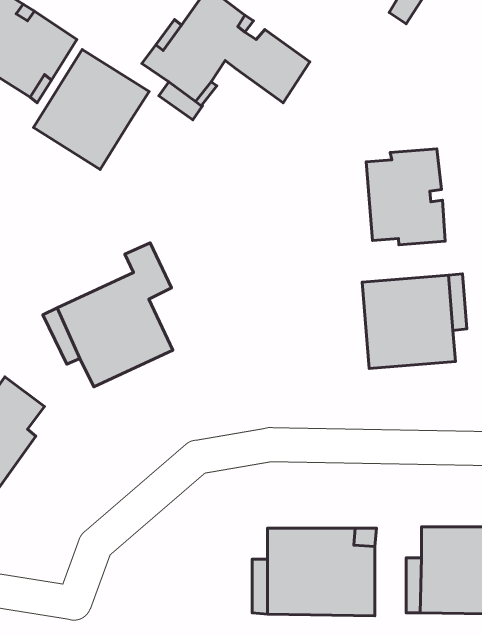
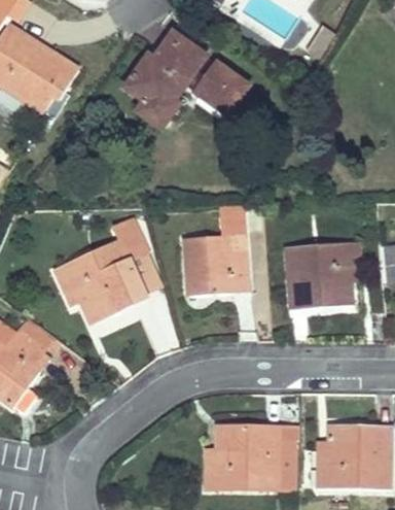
building: [33,50,149,170] -> none
building: [366,149,445,245] -> none
building: none -> [184,208,248,295]

